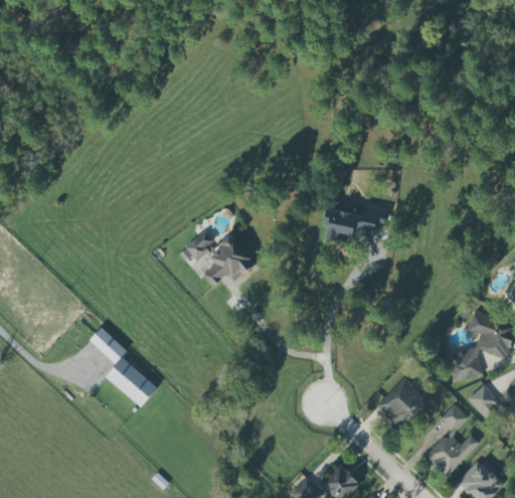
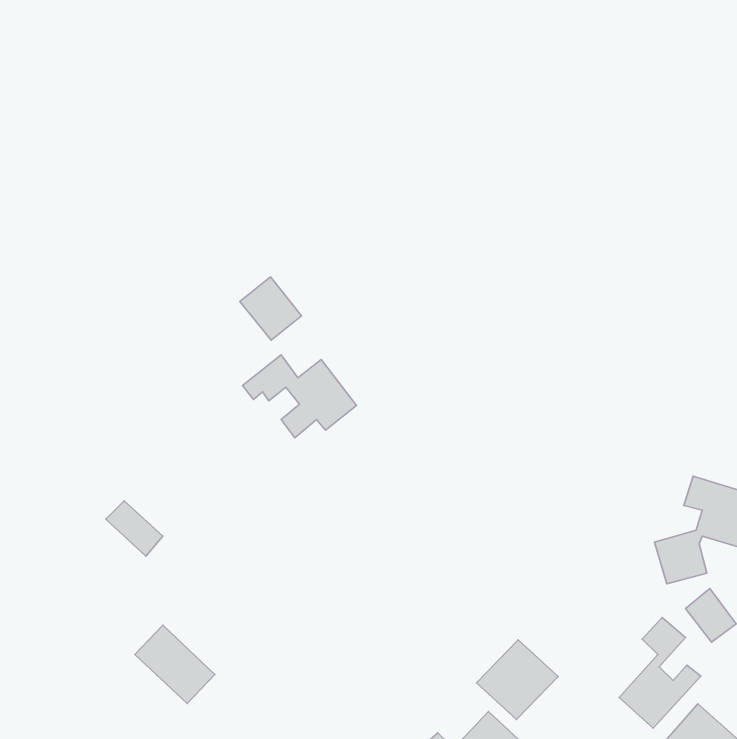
building: none -> [240,277,302,340]
building: [324,205,387,243] -> none
building: [106,357,158,408] -> [135,625,215,704]
building: [376,378,430,431] -> [477,640,558,720]

